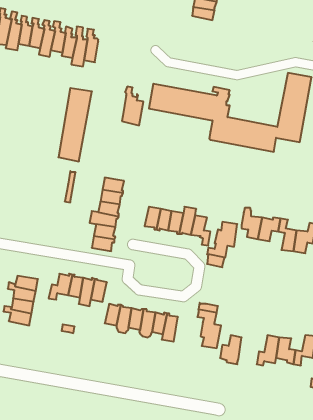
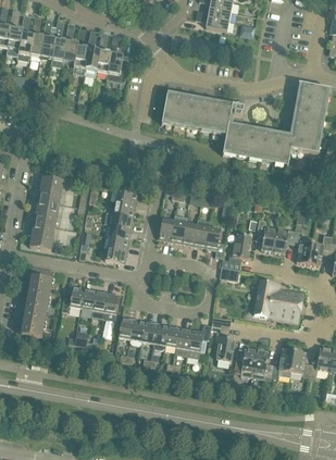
building: [122,87,143,125] -> [107,41,128,80]
building: [58,88,92,161] -> [29,174,63,248]
building: none -> [28,264,53,289]
building: none -> [254,277,302,319]
building: none -> [187,322,211,356]
building: none -> [251,348,273,376]

